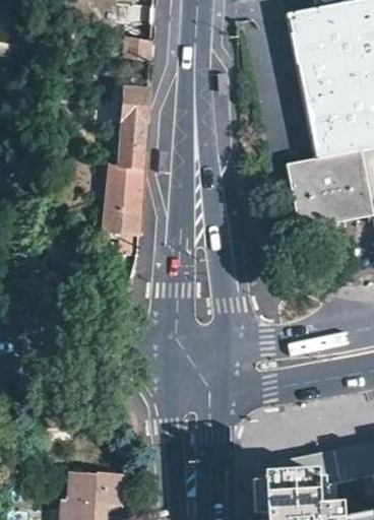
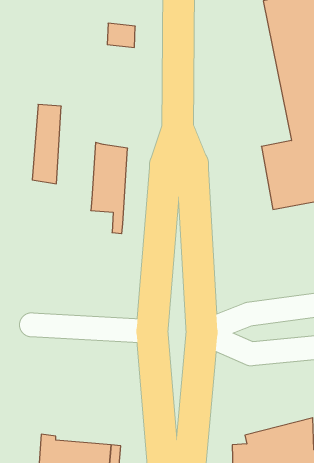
building: [119,84,149,168] -> [32,104,61,184]

